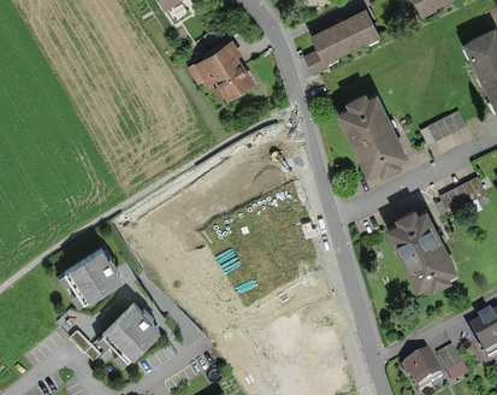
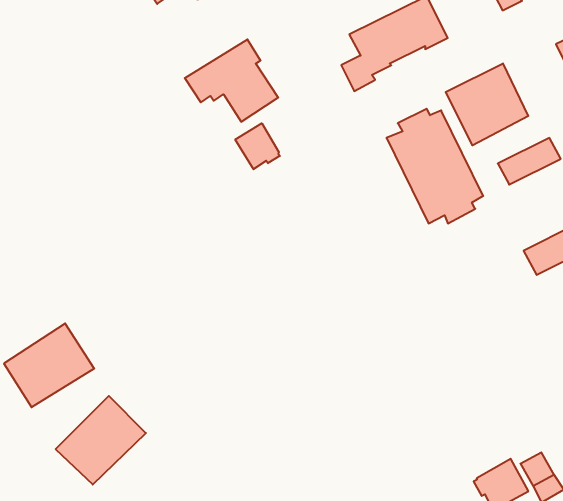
building: none -> [446,63,528,145]
building: none -> [235,123,280,169]
building: [385,208,458,293] -> none

